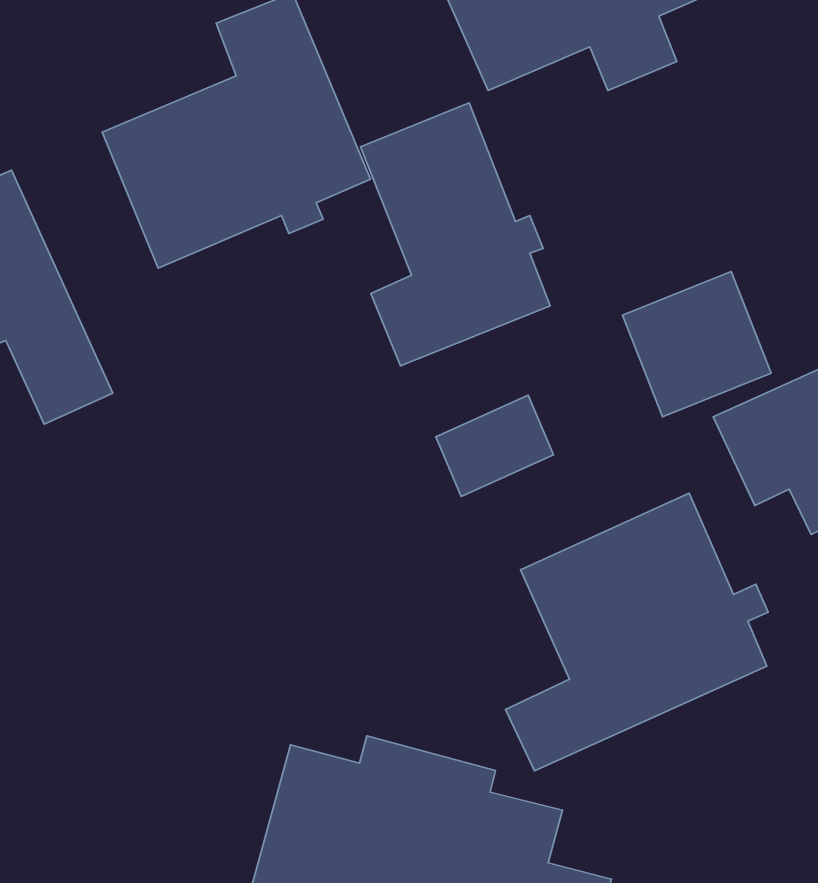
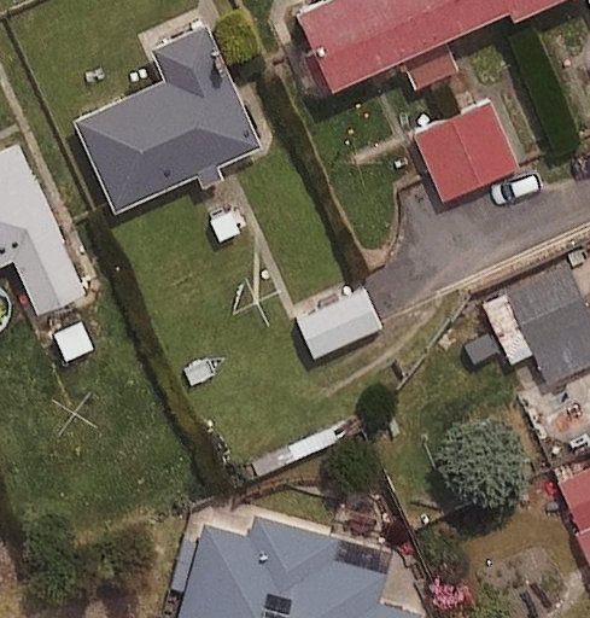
building: [360,103,550,366] -> none
building: [623,272,771,417] -> [420,113,519,210]
building: [506,493,768,771] -> none

